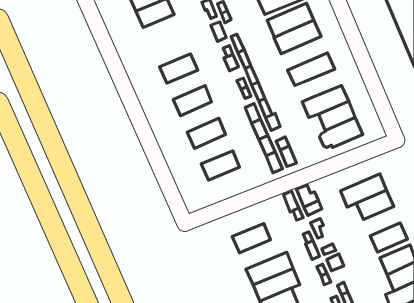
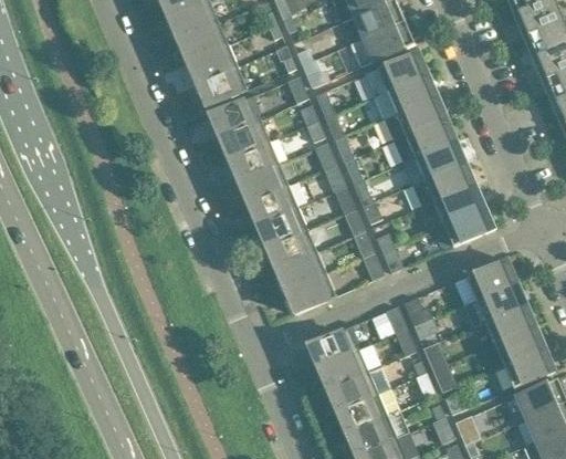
building: none -> [195,66,247,107]
building: none -> [207,96,259,137]
building: none -> [381,96,444,142]
building: none -> [413,140,463,179]
building: none -> [227,142,279,181]
building: none -> [245,185,297,226]
building: none -> [264,229,316,269]
building: none -> [452,259,515,305]
building: none -> [283,273,335,314]
building: none -> [306,326,358,367]
building: none -> [484,326,543,368]
building: none -> [325,366,389,411]

